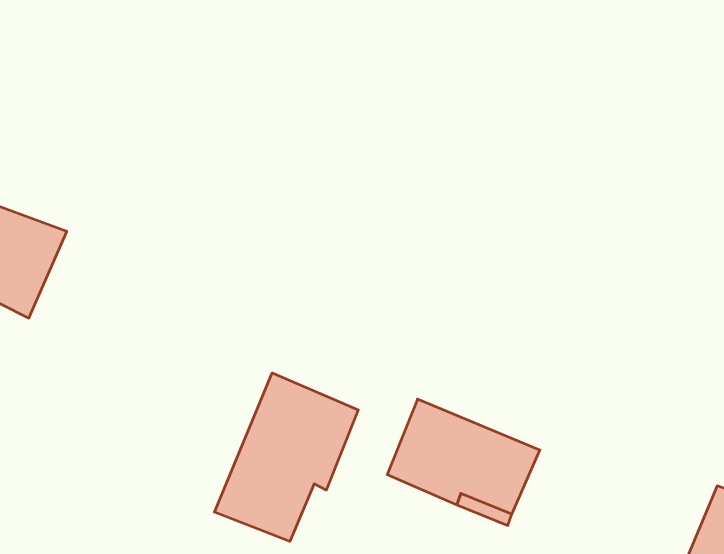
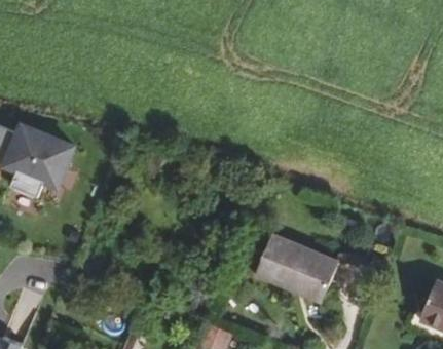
building: [214,373,358,541] -> none

